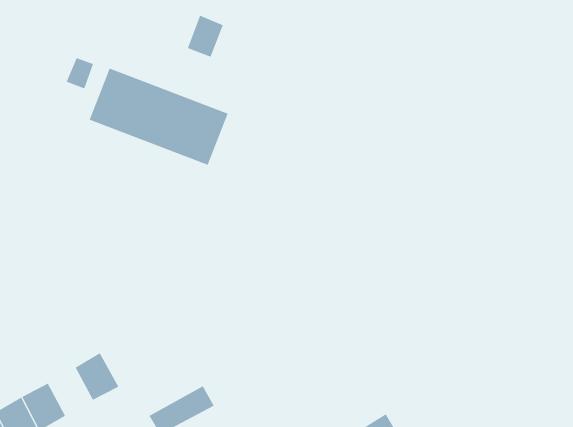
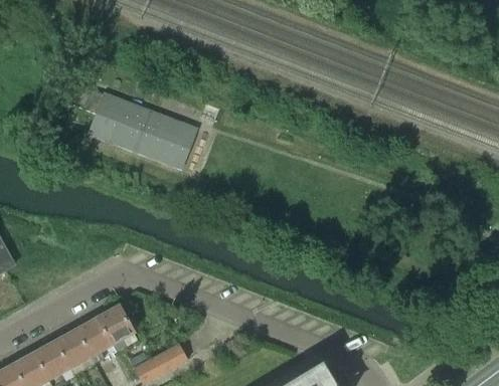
building: [187,15,224,57] -> none
building: none -> [96,306,133,345]
building: none -> [54,330,90,368]

